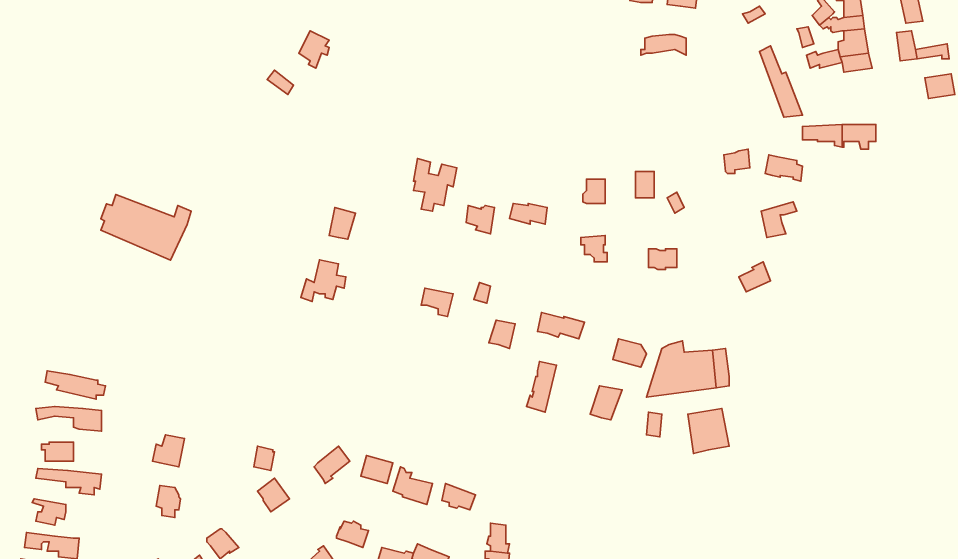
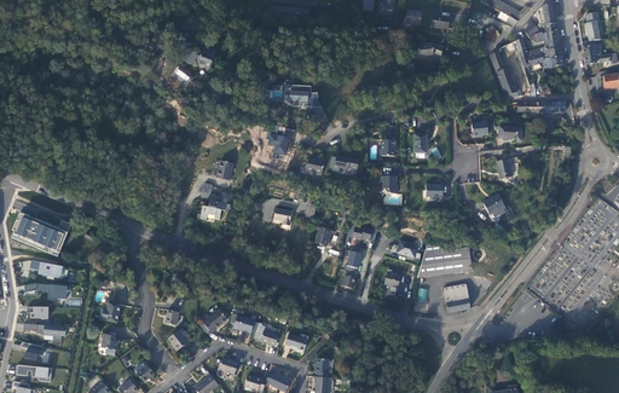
building: none -> [284,86,328,123]
building: [101,194,191,260] -> [12,214,70,256]

